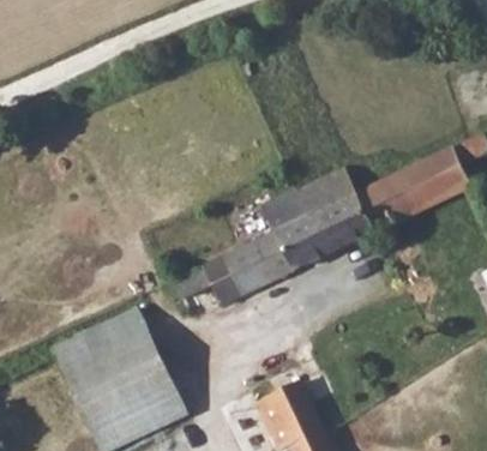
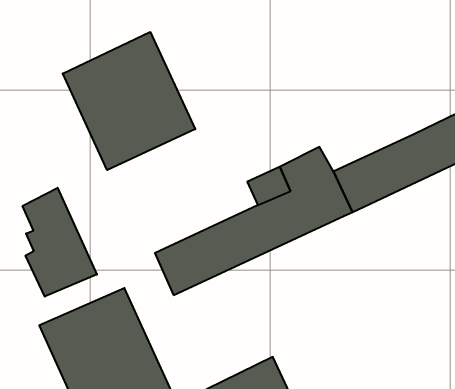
building: none -> [63,32,195,170]
building: none -> [23,188,97,297]

